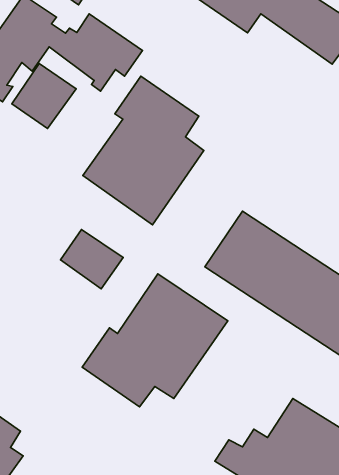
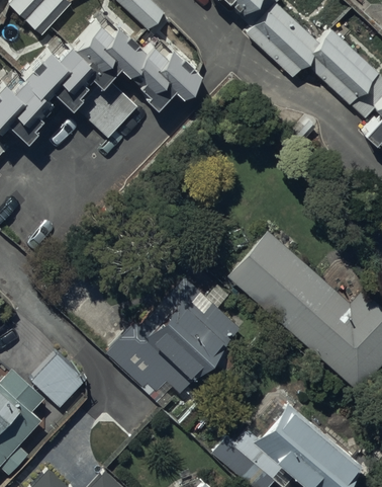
building: [83,76,204,225] -> none
building: [60,230,123,289] -> none
building: none -> [31,352,86,408]

